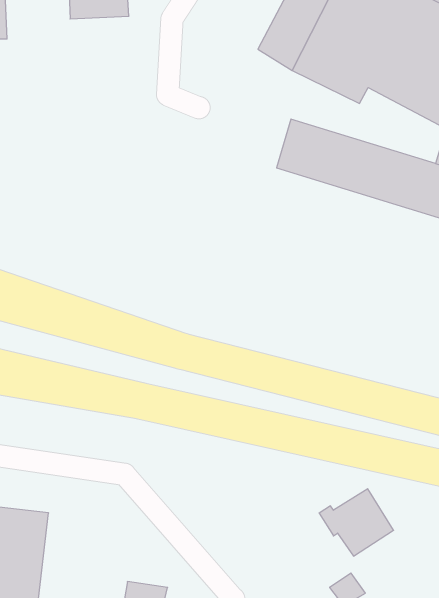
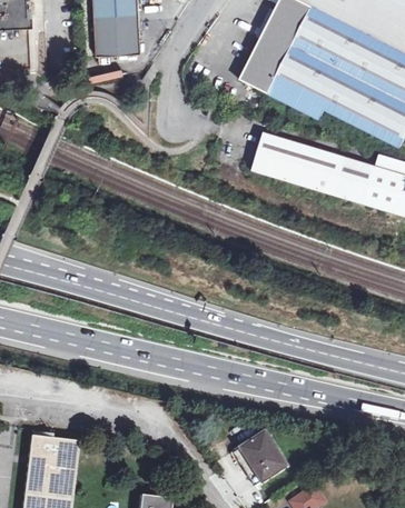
building: [319,489,394,556] -> [228,432,286,485]

